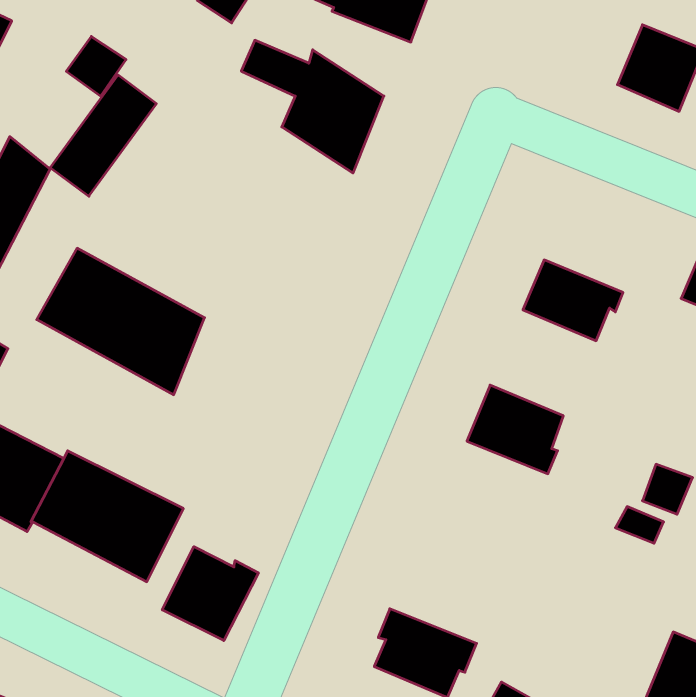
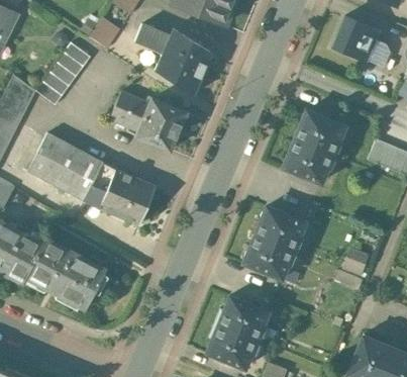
building: [66,36,126,96] -> [89,18,120,50]
building: none -> [110,91,187,151]
building: none -> [294,110,344,157]
building: none -> [100,170,156,225]
building: none -> [242,234,296,277]
building: [162,547,258,641] -> none
building: none -> [213,296,267,341]

